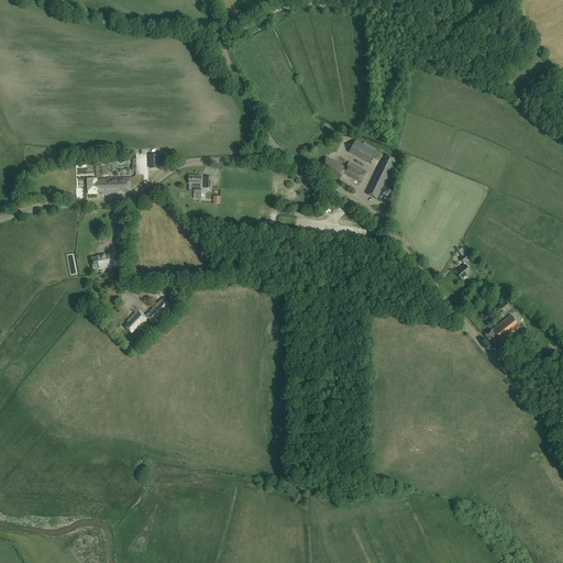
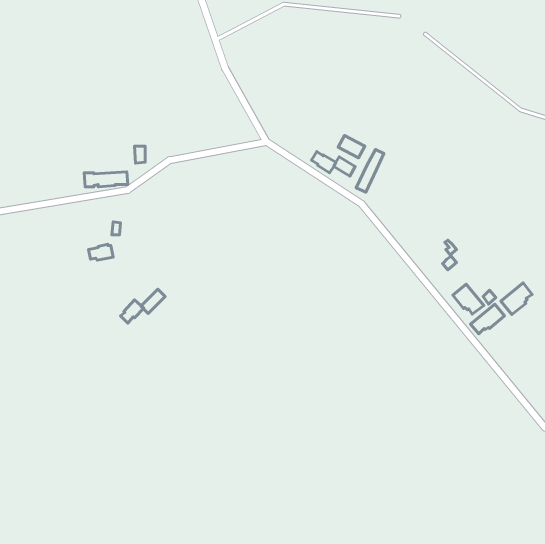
building: none -> [501,283,532,315]
building: none -> [453,284,484,314]

